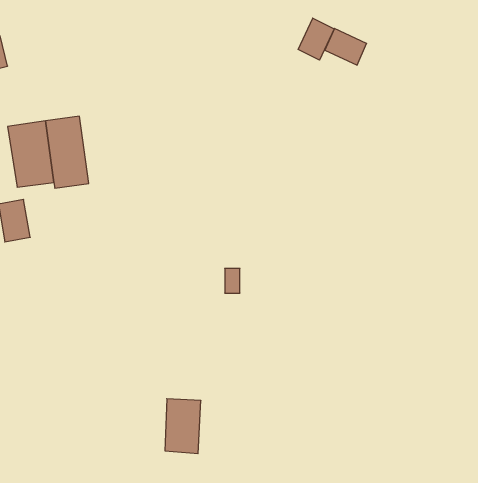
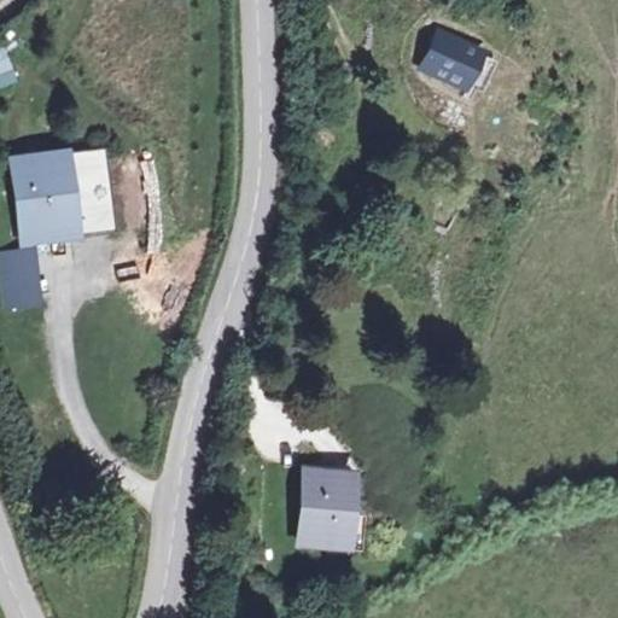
building: [298,18,334,60] -> none
building: [165,399,201,454] -> [304,468,350,538]

